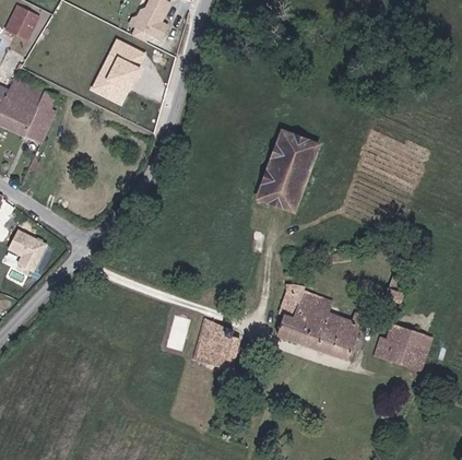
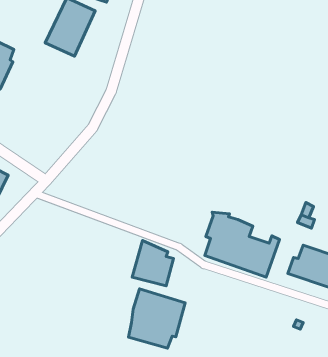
building: [256,130,318,212] -> none
building: none -> [128,289,185,348]

